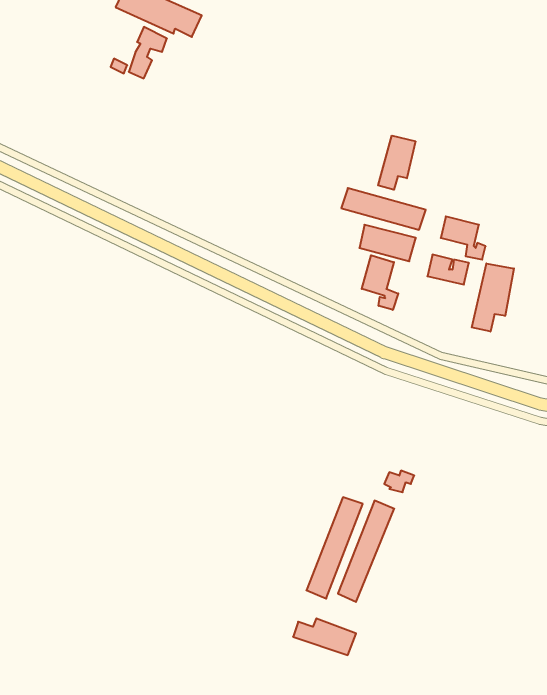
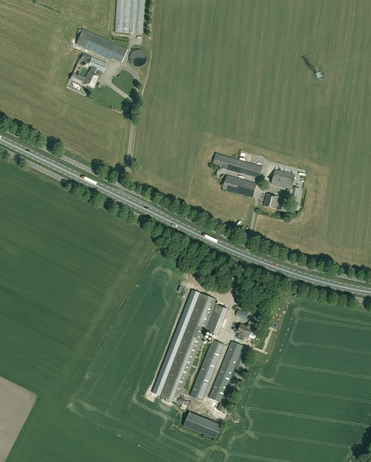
building: [378,136,415,190] -> none
building: [362,255,398,310] -> none
building: [472,263,514,332] -> none
building: none -> [158,292,226,402]

